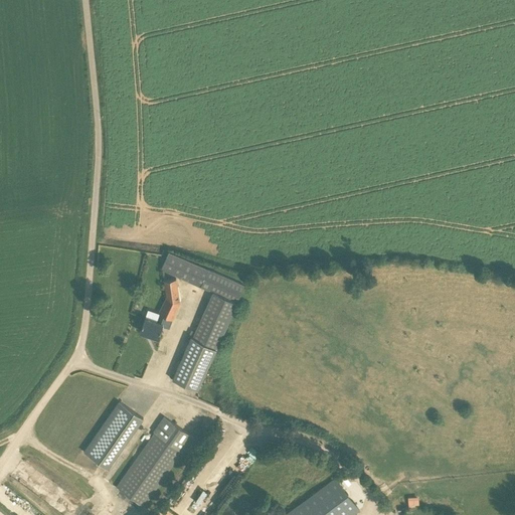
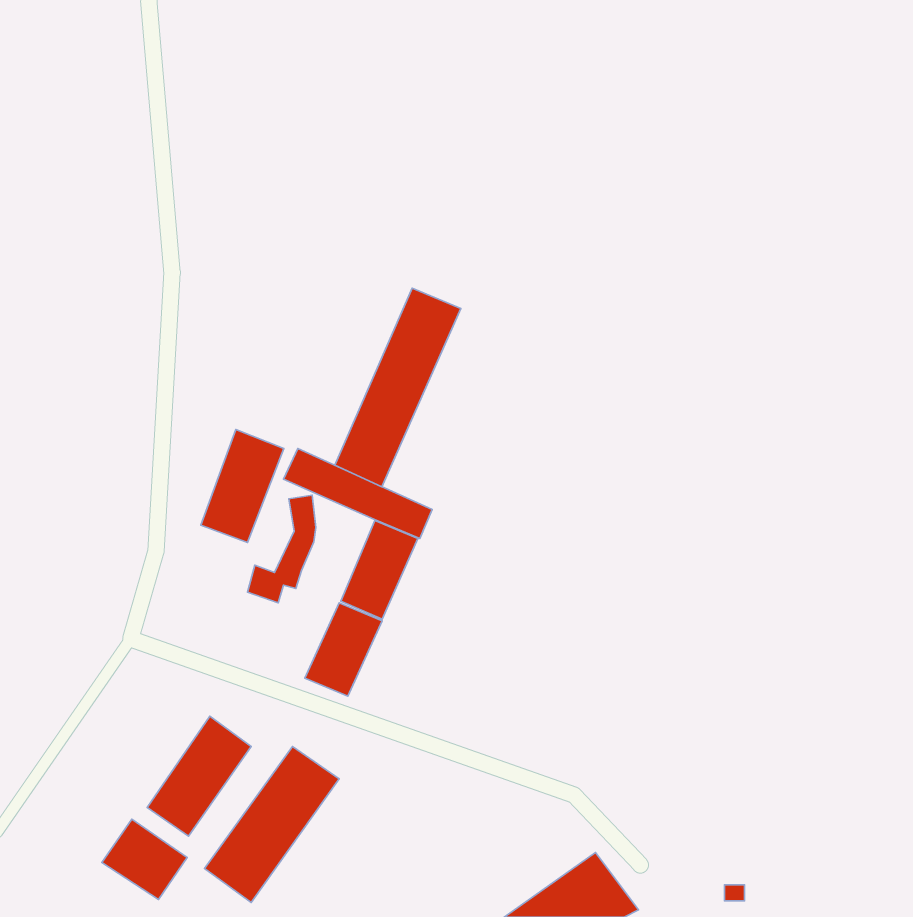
building: none -> [335,288,461,487]
building: none -> [201,430,284,543]
building: none -> [102,819,187,900]

